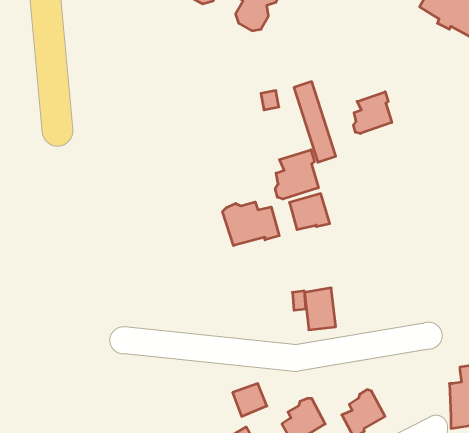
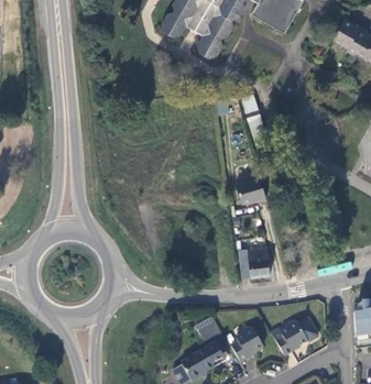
building: [353,92,392,134] -> none
building: [275,150,318,199] -> none
building: [223,202,279,246] -> none

